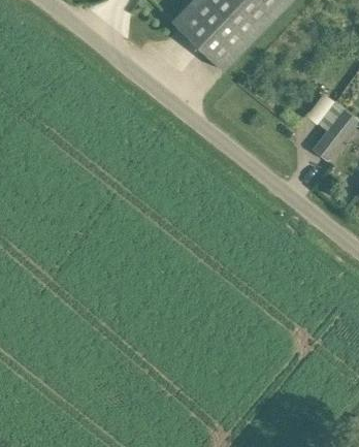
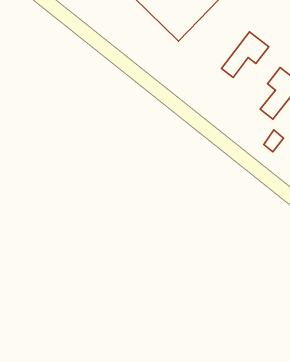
building: none -> [222,32,269,78]

